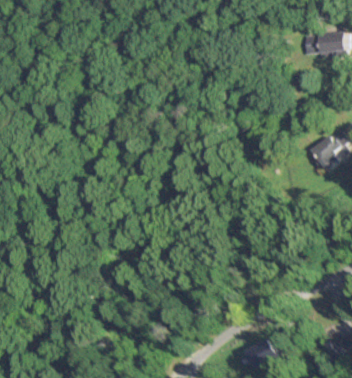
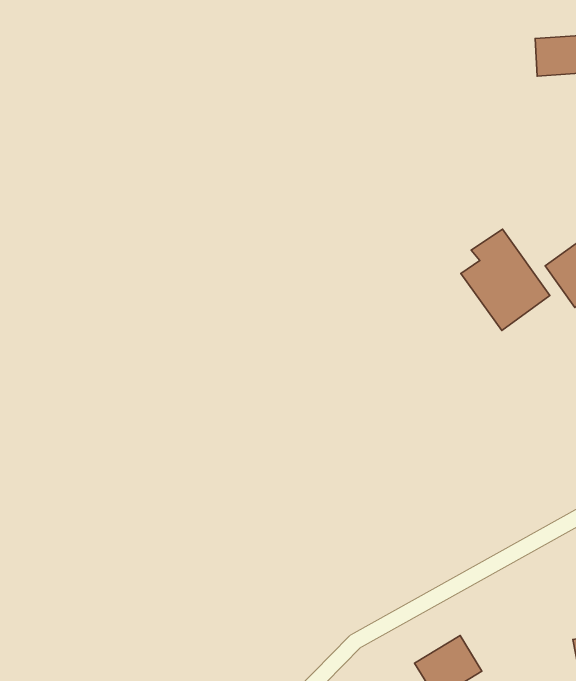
building: none -> [461,229,550,330]

